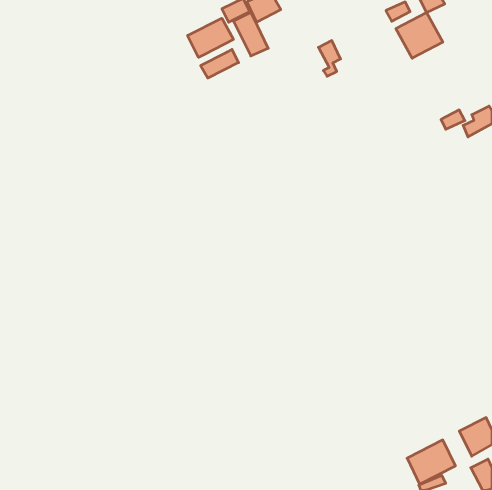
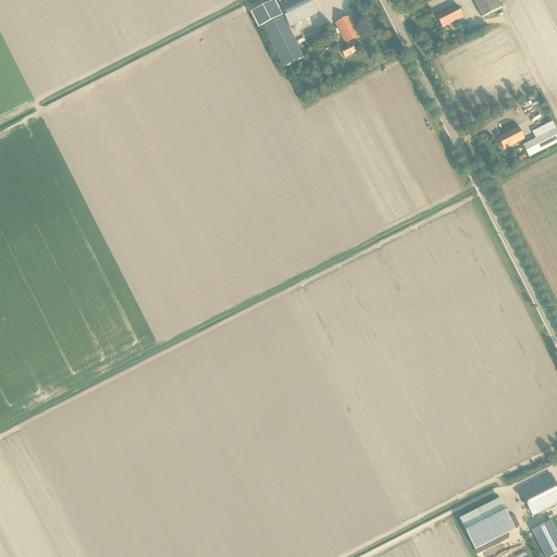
building: [396,13,443,58] -> none
building: [188,18,233,57] -> none
building: [318,41,341,76] -> [334,13,359,53]
building: [201,49,239,78] -> none

